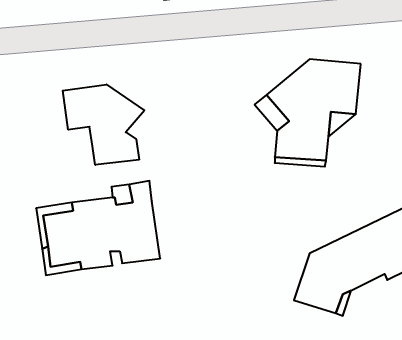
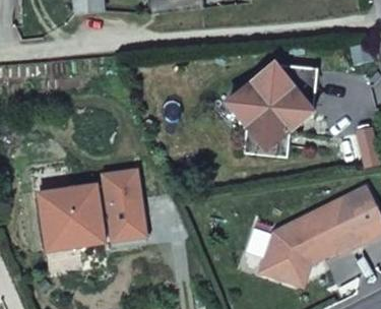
building: [63,84,144,165] -> none

